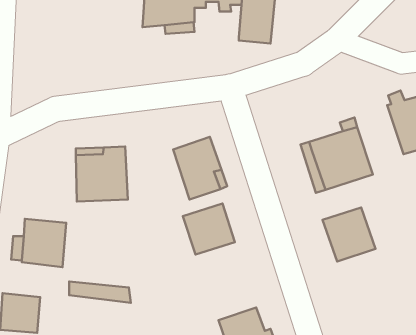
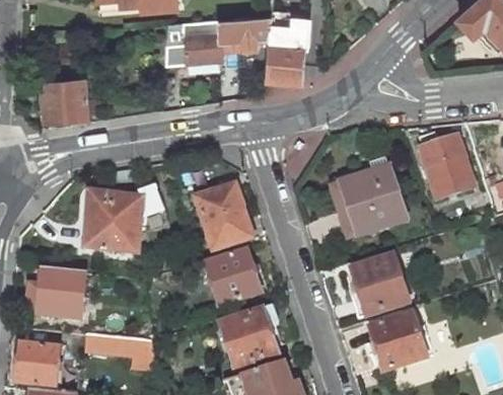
building: none -> [42,78,93,125]
building: none -> [225,307,278,364]
building: none -> [373,313,426,369]

